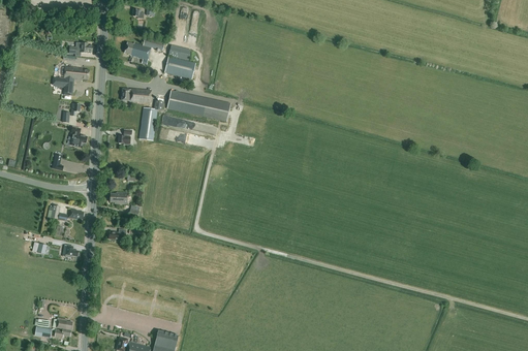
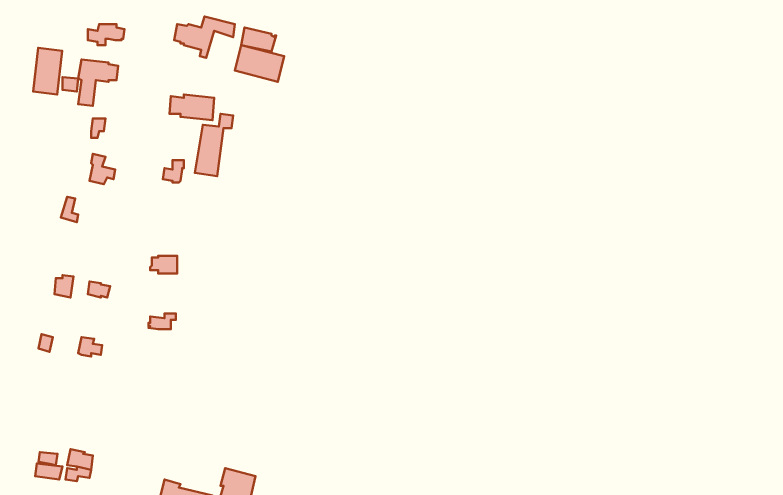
building: none -> [33,48,62,94]
building: [166,90,230,121] -> none

